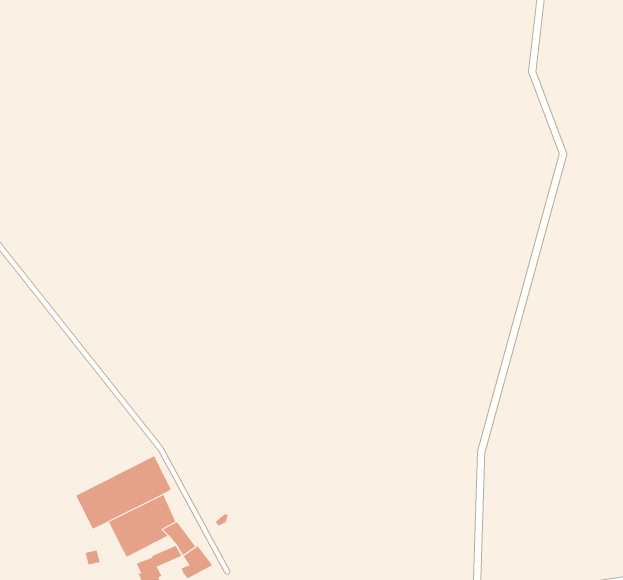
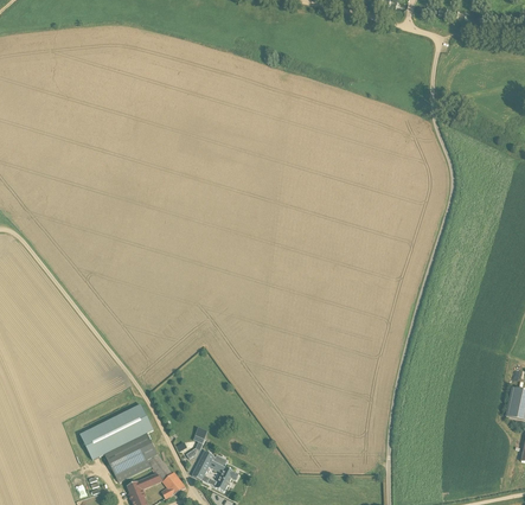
building: none -> [192,449,238,491]

